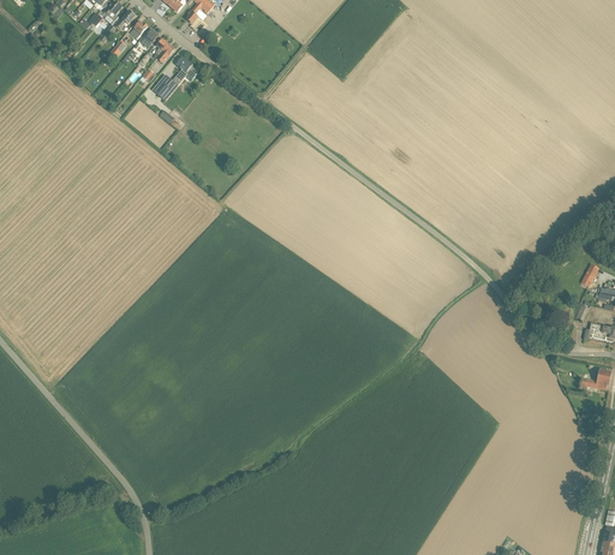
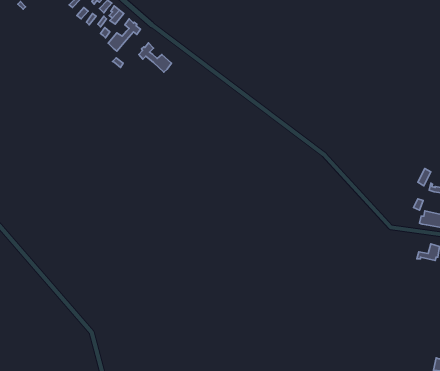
building: none -> [139,43,172,72]

